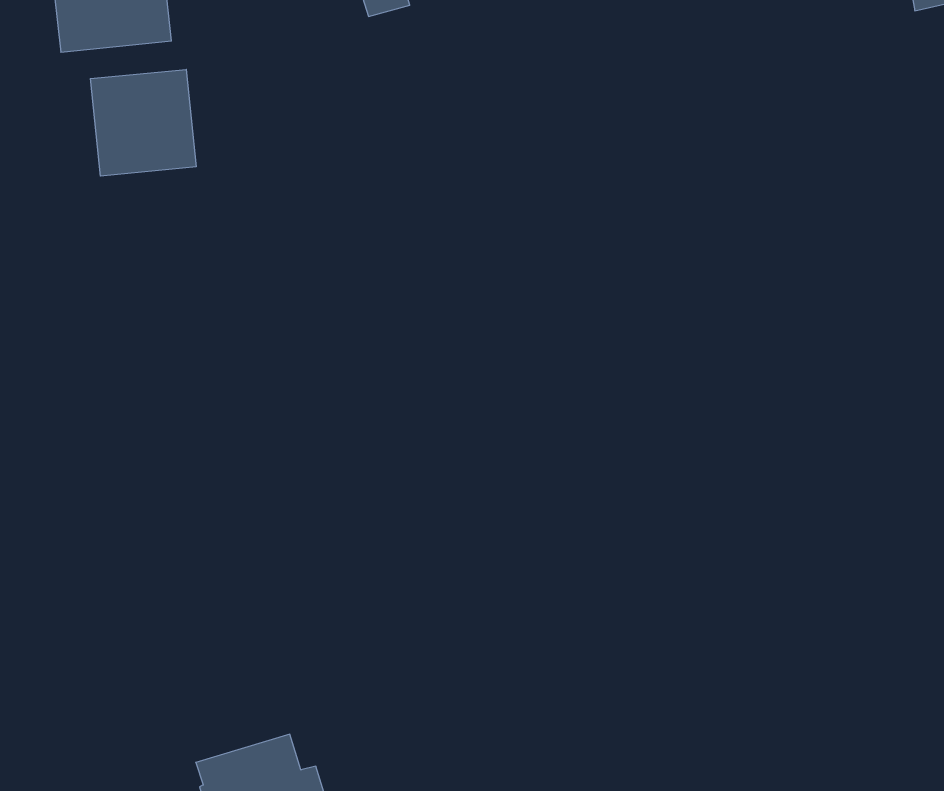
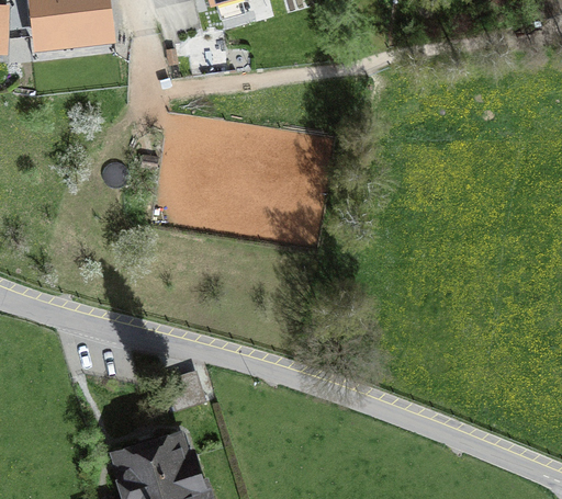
building: [90,69,196,176] -> none

